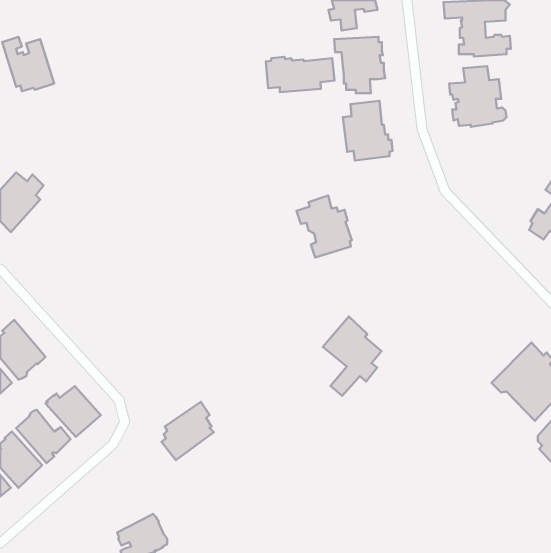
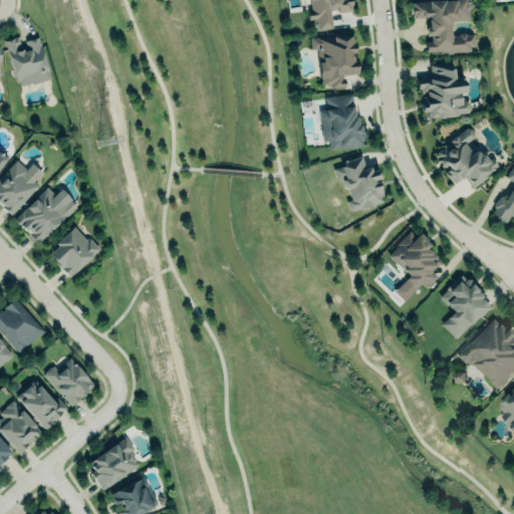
building: [266,57,334,92] -> none
building: none -> [438,127,499,188]
building: [297,196,352,257] -> [334,156,386,213]
building: none -> [16,187,78,243]
building: none -> [50,227,100,275]
building: none -> [438,275,492,341]
building: [323,317,381,396] -> [389,229,443,302]
building: [162,402,214,460] -> [91,437,140,491]

